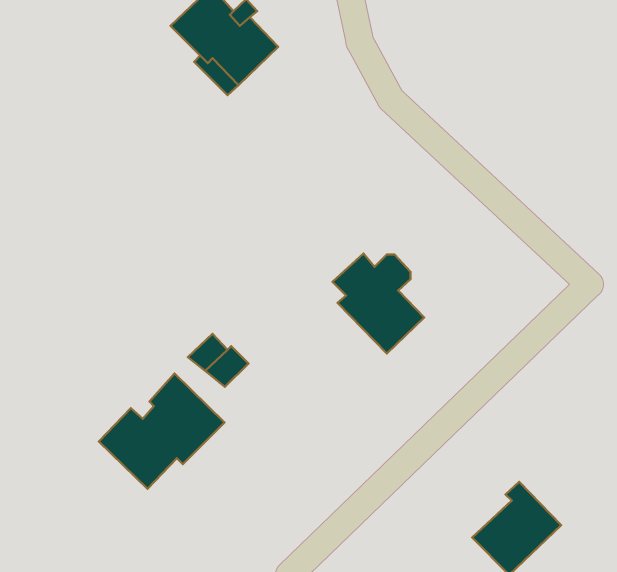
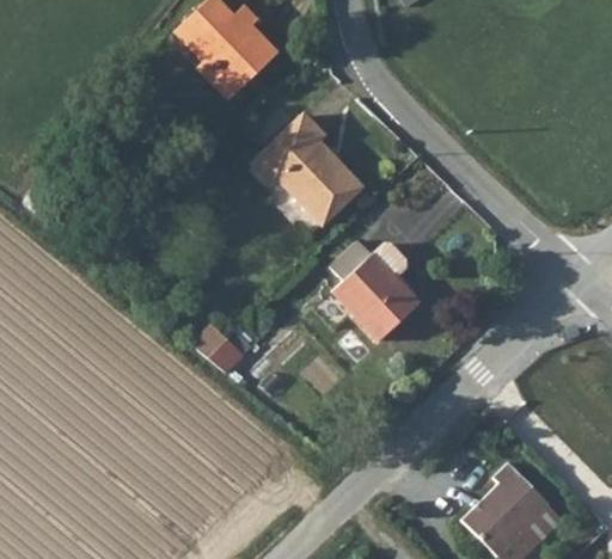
building: none -> [253,113,361,225]
building: [99,374,225,489] -> none

